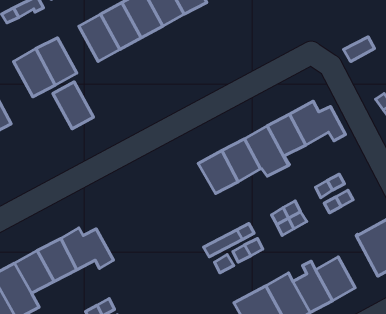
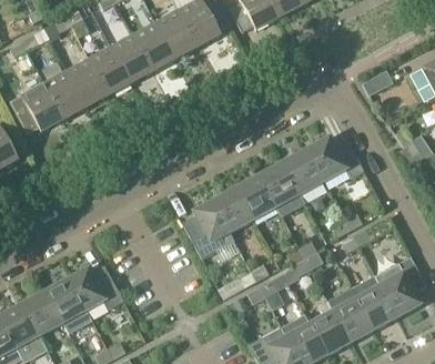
building: [53,82,94,129] -> [65,59,108,108]
building: none -> [182,201,234,259]
building: none -> [351,275,396,330]

